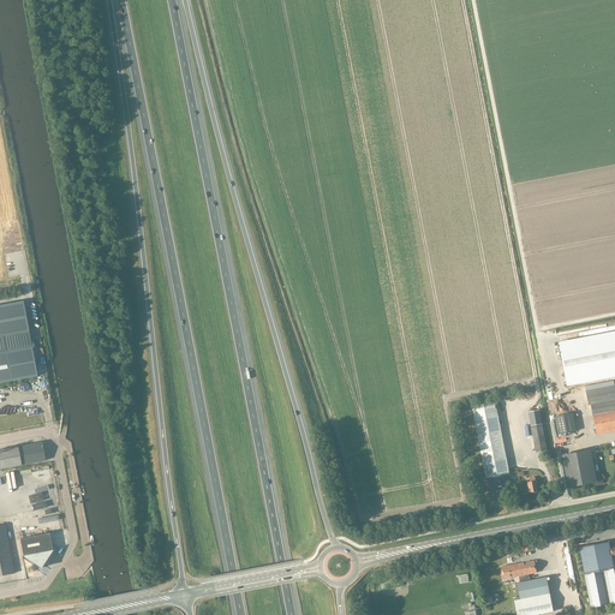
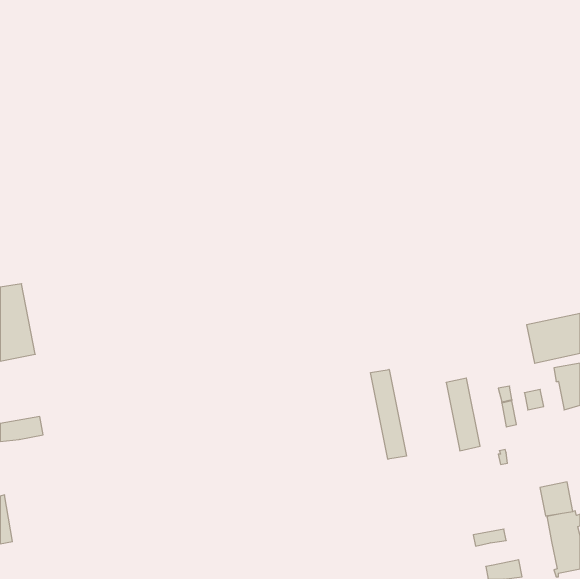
building: none -> [371,369,406,459]
building: [562,449,597,485] -> [540,482,573,516]
building: [19,532,53,567] -> none
building: [517,573,549,598] -> none

